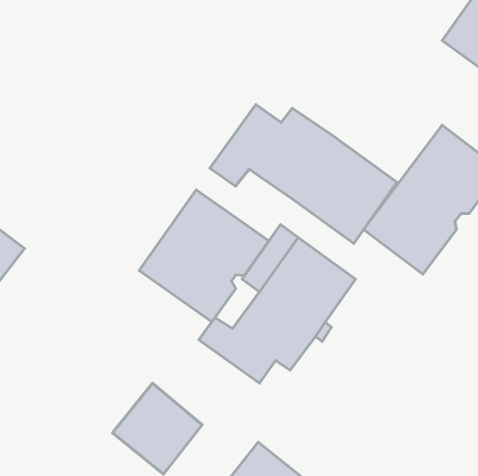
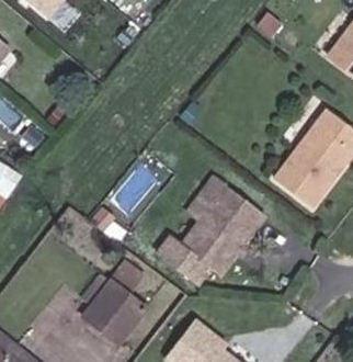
building: [210,104,397,243] -> none
building: [139,190,269,322] -> none

